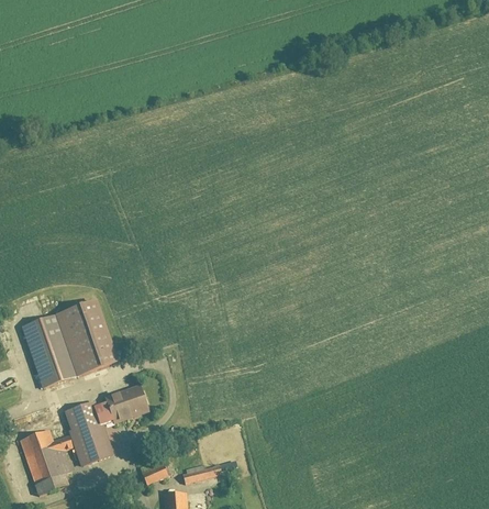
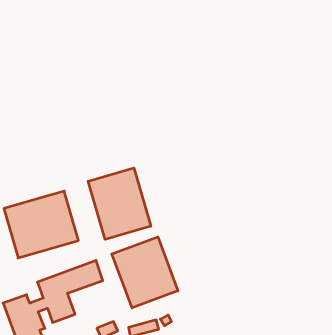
building: none -> [88,168,151,239]
building: none -> [112,237,178,308]

